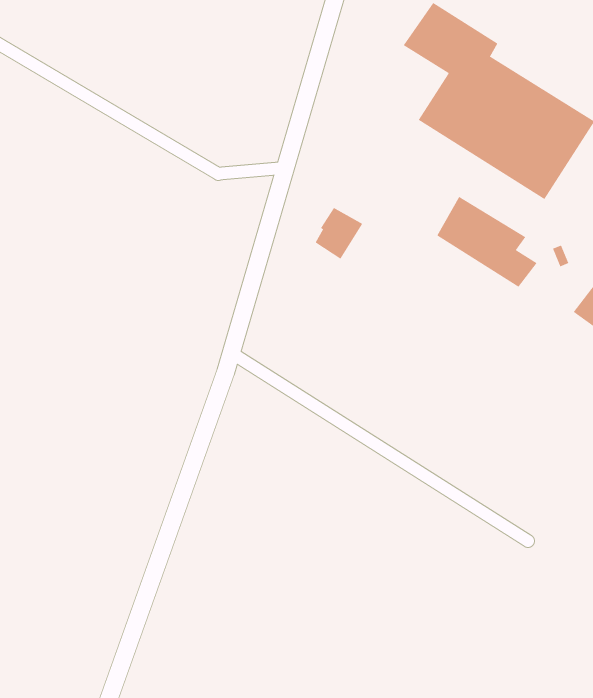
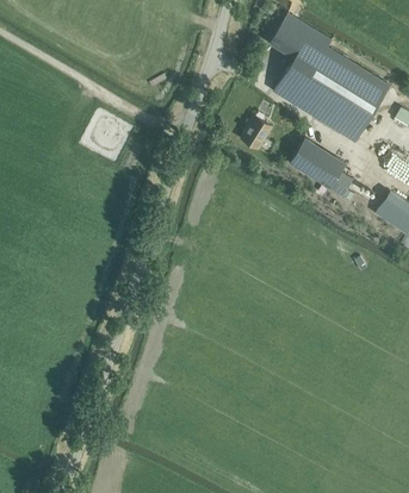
building: [315,207,363,259] -> [241,117,272,150]

